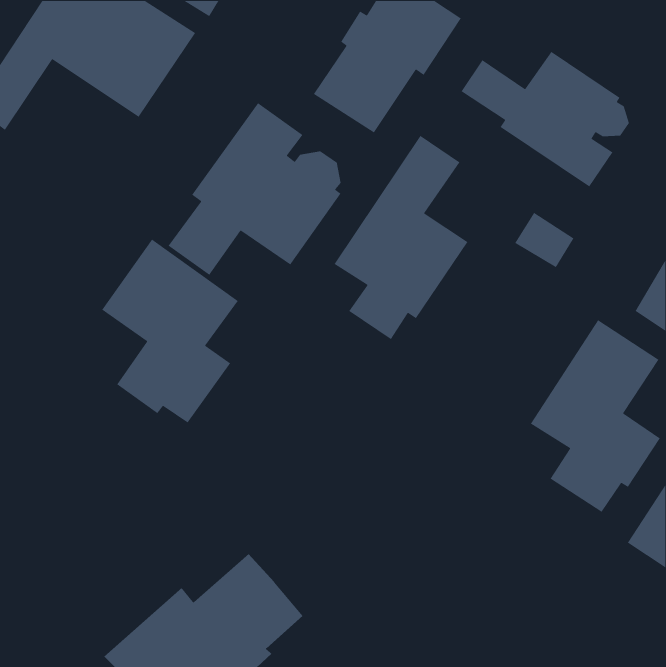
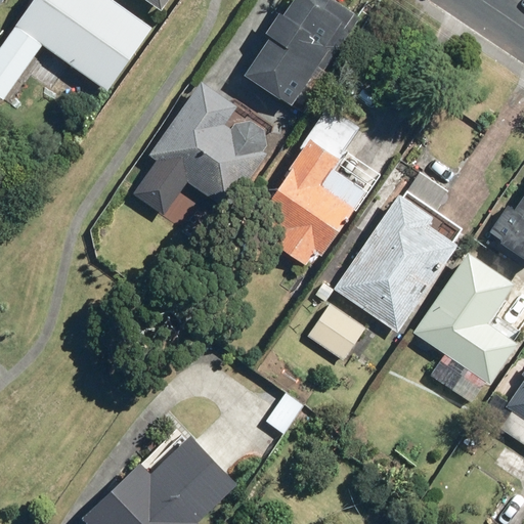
building: [460,51,630,187] -> none
building: [101,238,239,423] -> none
building: none -> [338,196,455,331]
building: none -> [306,298,368,361]

